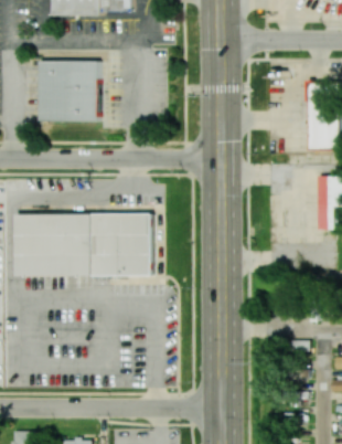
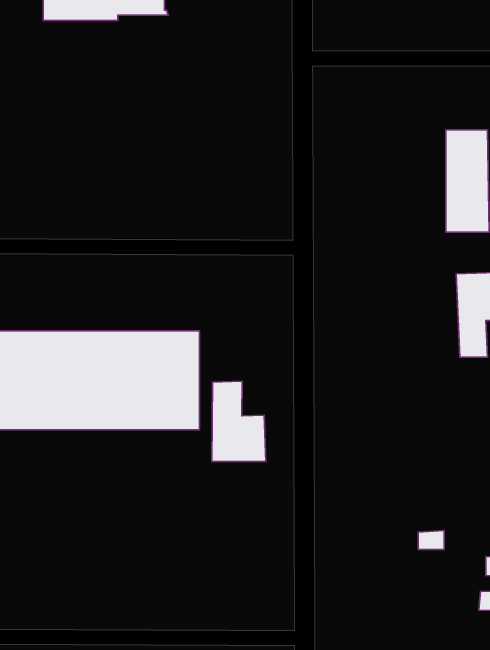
building: [38,61,98,121] -> none
building: none -> [212,381,266,462]

